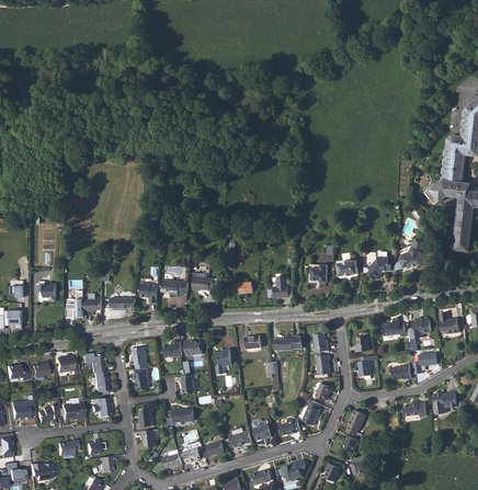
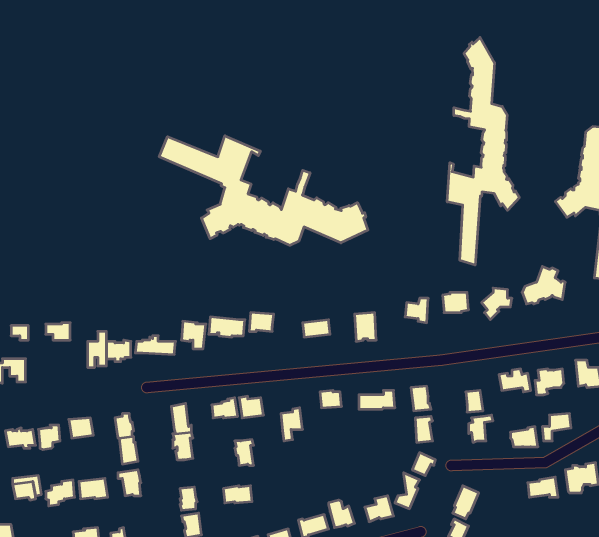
building: none -> [447,37,519,265]
building: none -> [159,136,368,245]

